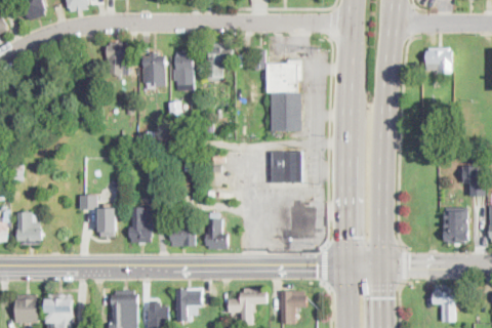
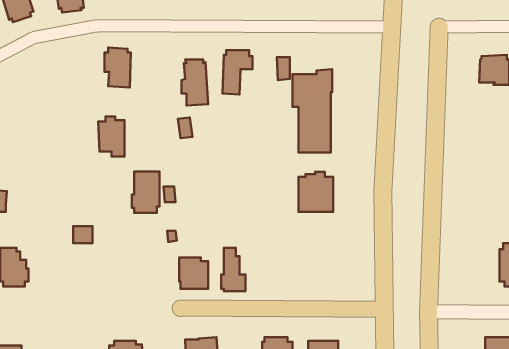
building: [144,53,166,87] -> [98,117,125,156]
building: [97,207,116,236] -> none
building: [129,208,153,243] -> [132,172,159,213]

